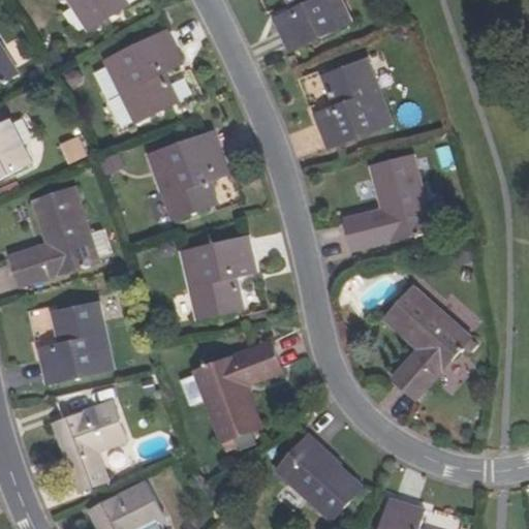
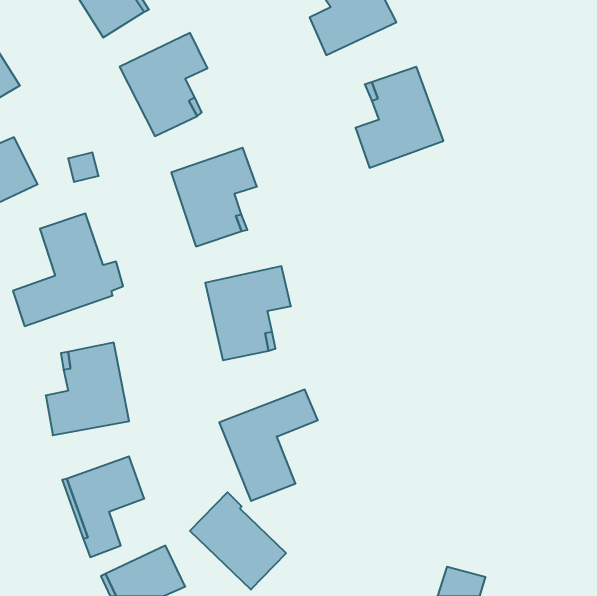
building: [343,156,429,249] -> none
building: [383,292,467,404] -> none
building: [275,433,360,519] -> [190,492,286,590]

